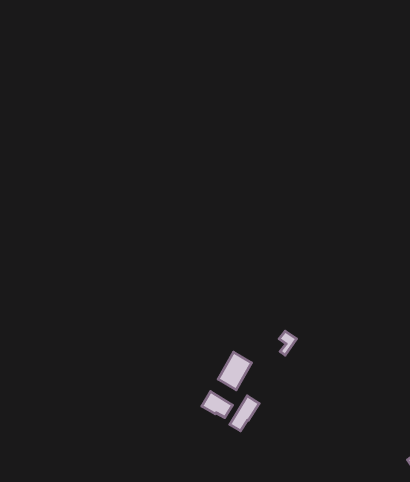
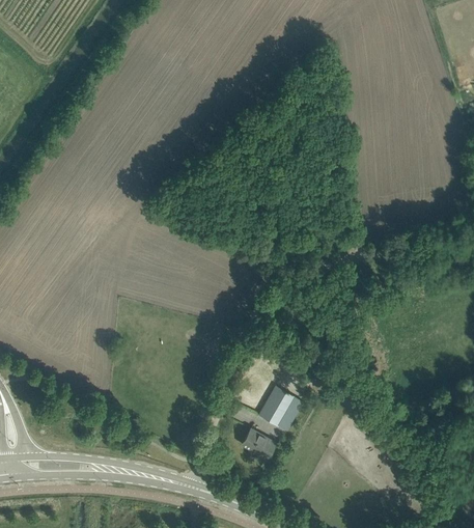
building: [230,396,259,431] -> none

